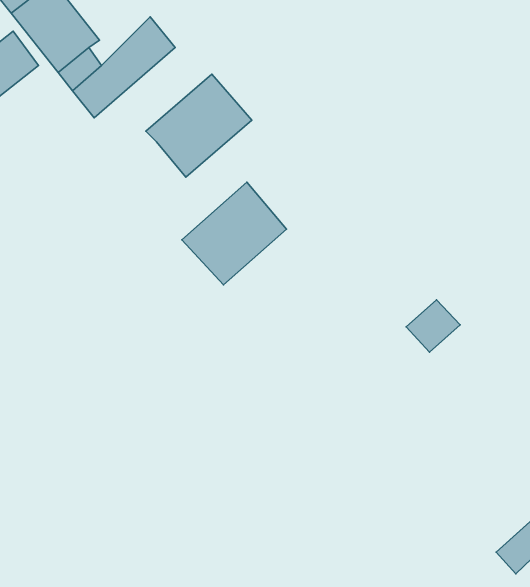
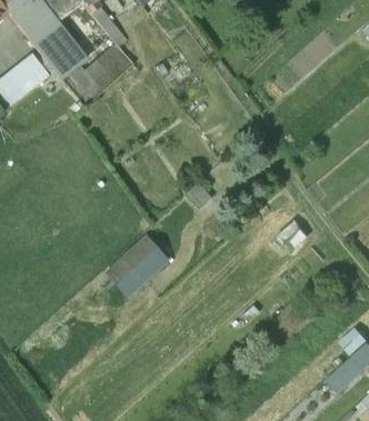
building: [146,74,252,177] -> none
building: [182,182,287,285] -> [100,234,164,298]

